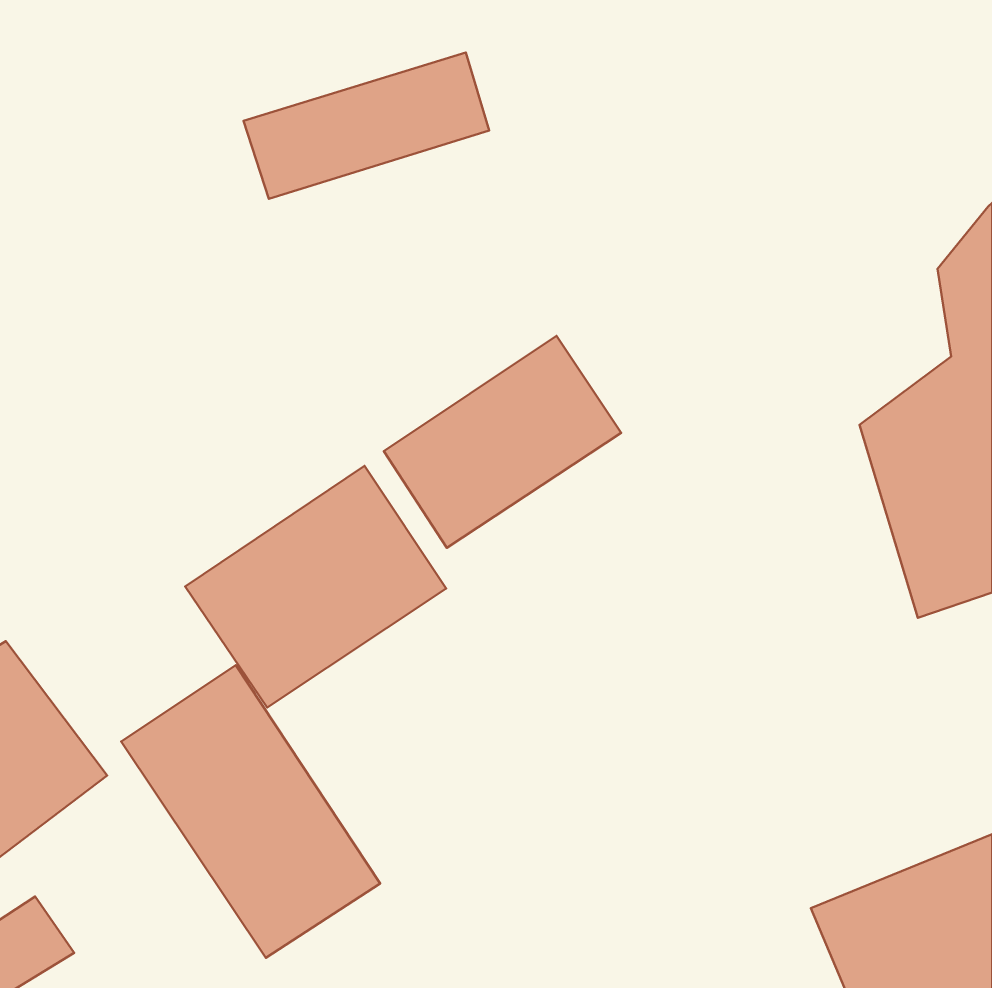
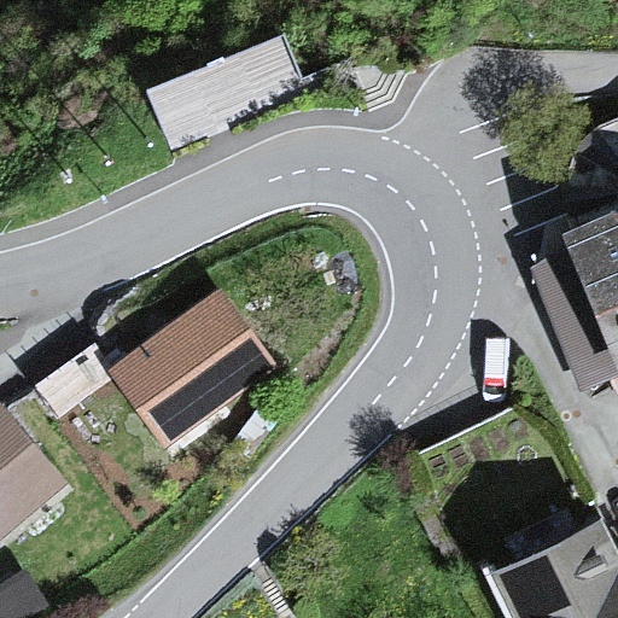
building: [384,336,621,548] -> none
building: [121,665,380,958] -> none

